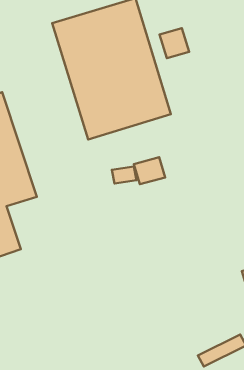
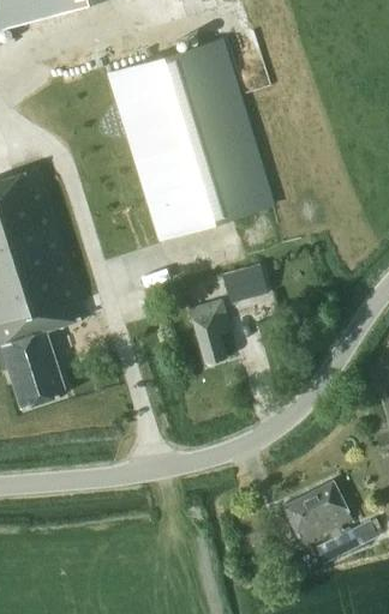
building: [160,28,189,58] -> none
building: none -> [188,301,231,365]
building: none -> [279,482,348,544]

